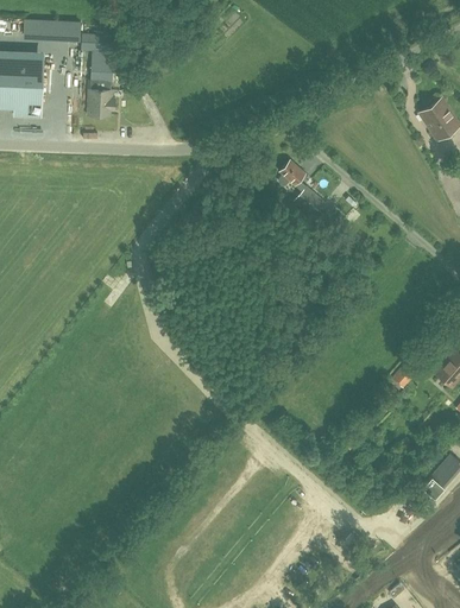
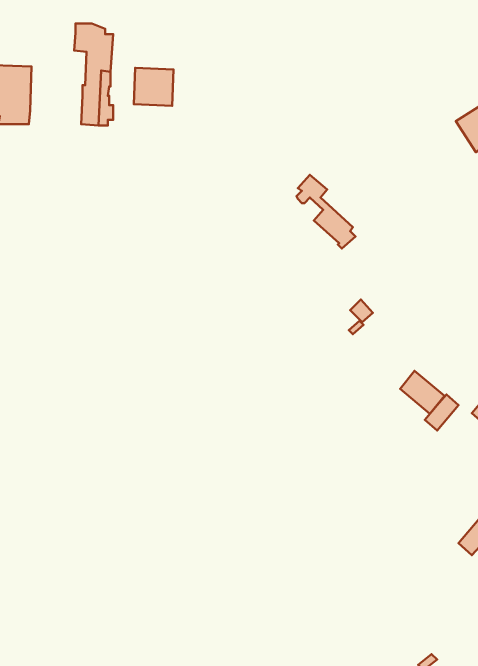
building: [29,23,81,40] -> none
building: none -> [134,68,174,106]
building: none -> [400,371,444,414]

